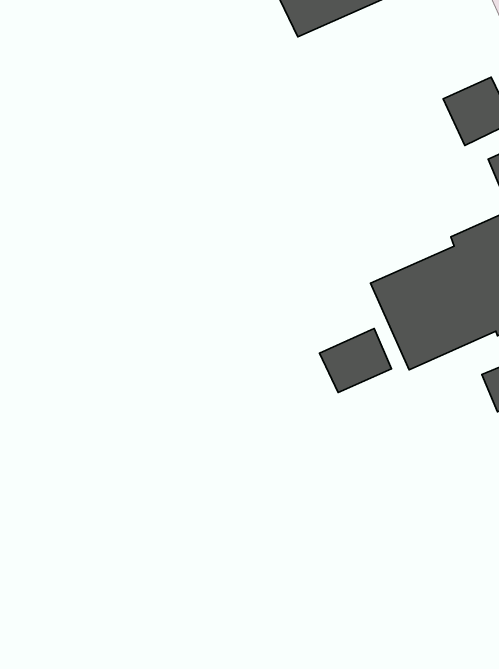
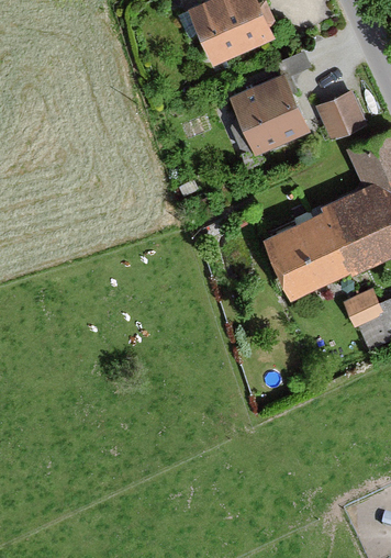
building: none -> [230,72,310,156]
building: [320,328,392,393] -> none

